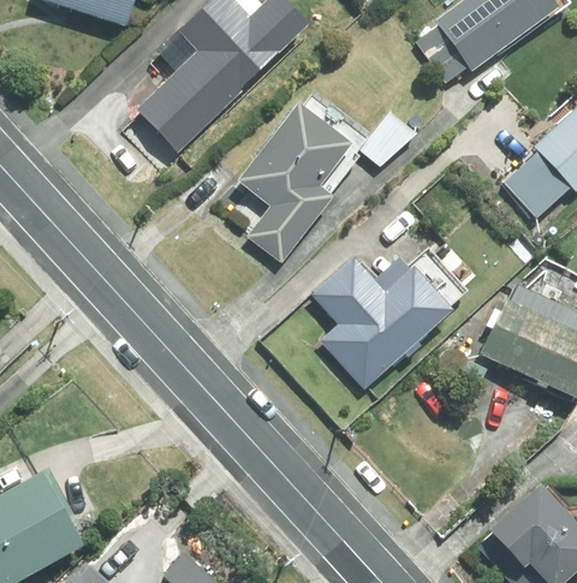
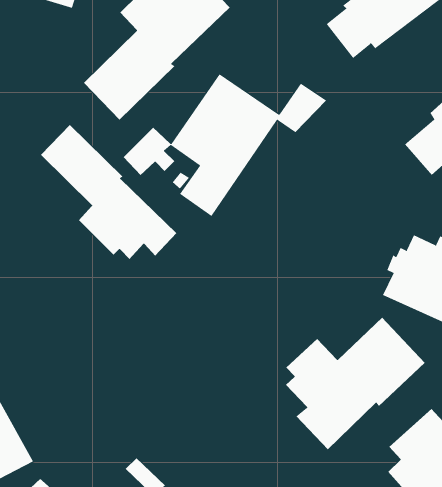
building: none -> [40,124,177,260]
building: [313,256,454,388] -> none
building: none -> [285,317,425,450]

